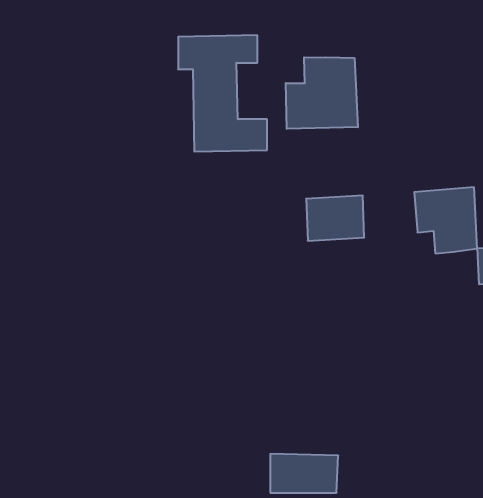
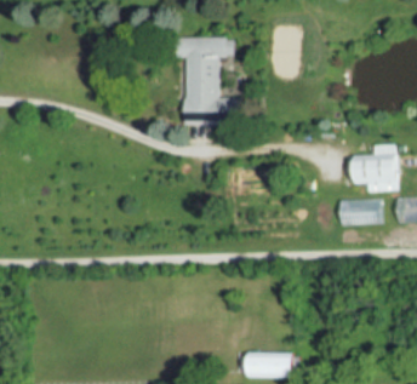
building: [286,57,358,129] -> none
building: [306,195,364,241] -> [337,197,381,231]

